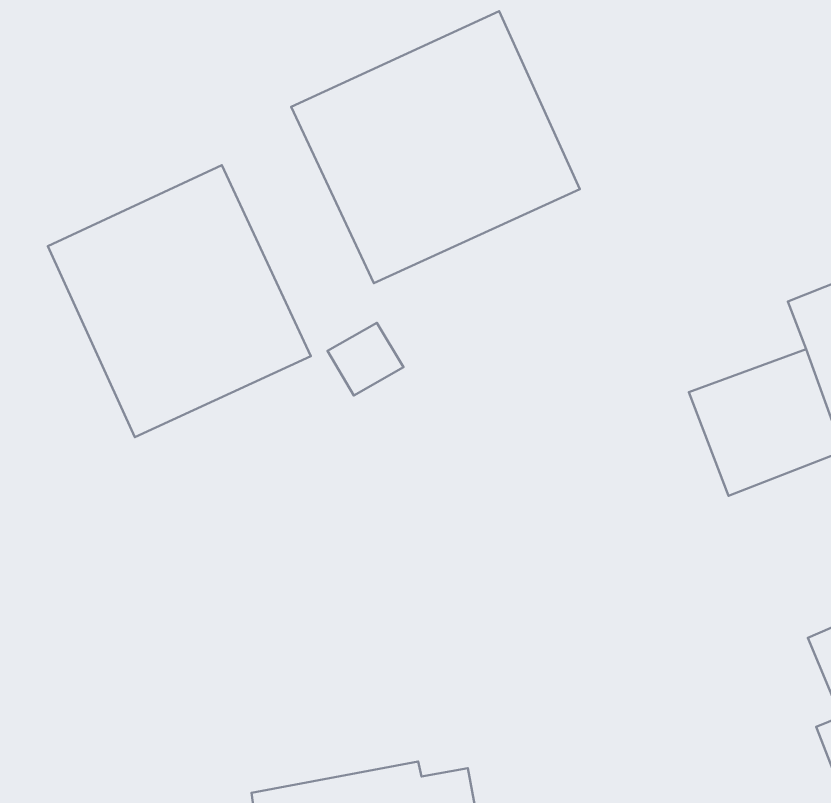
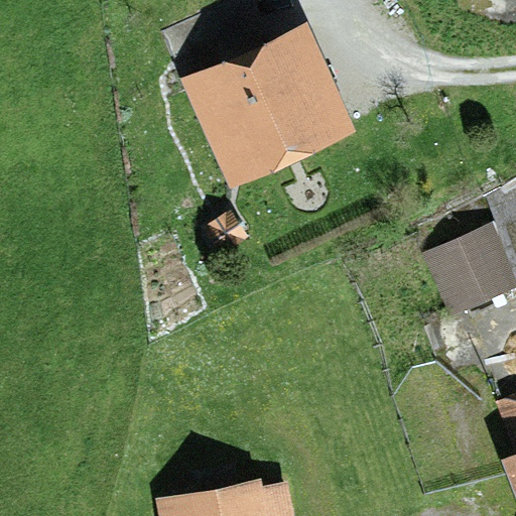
building: [48,165,311,437] -> none

